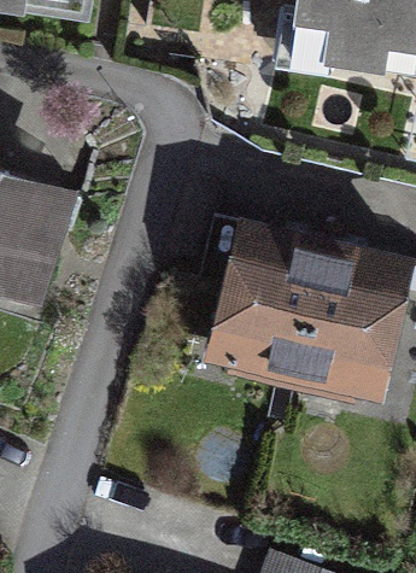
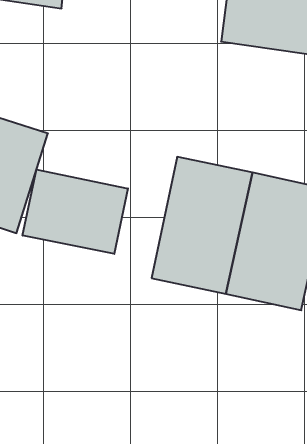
building: none -> [23,169,128,254]

